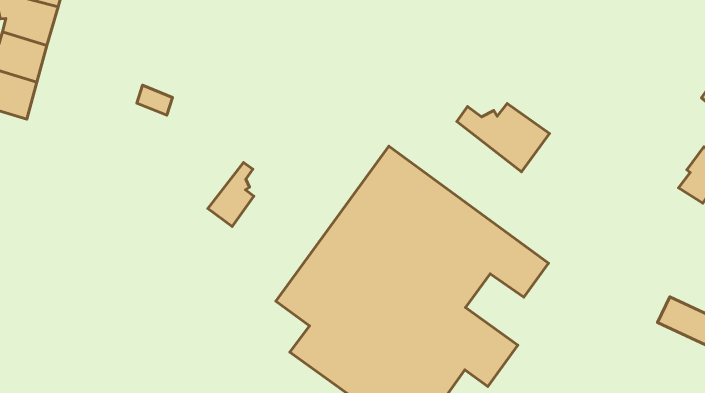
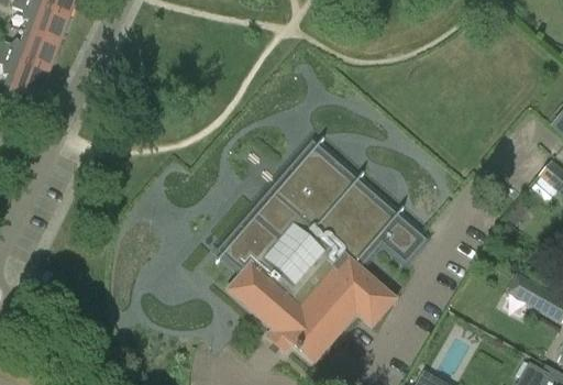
building: [457,103,550,172] -> none
building: [208,162,254,226] -> none

